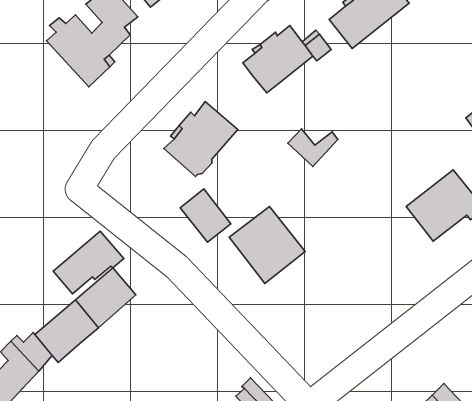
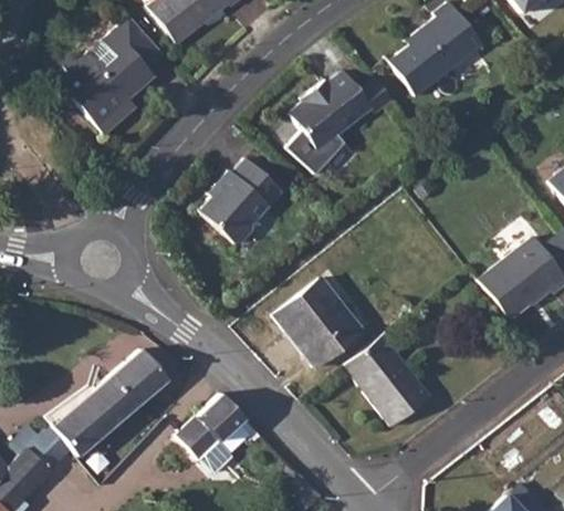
building: [288,129,338,166] -> [286,128,344,171]
building: [180,189,231,242] -> none
building: [53,231,124,294] -> none
building: none -> [344,330,430,425]
building: none -> [176,393,267,472]

